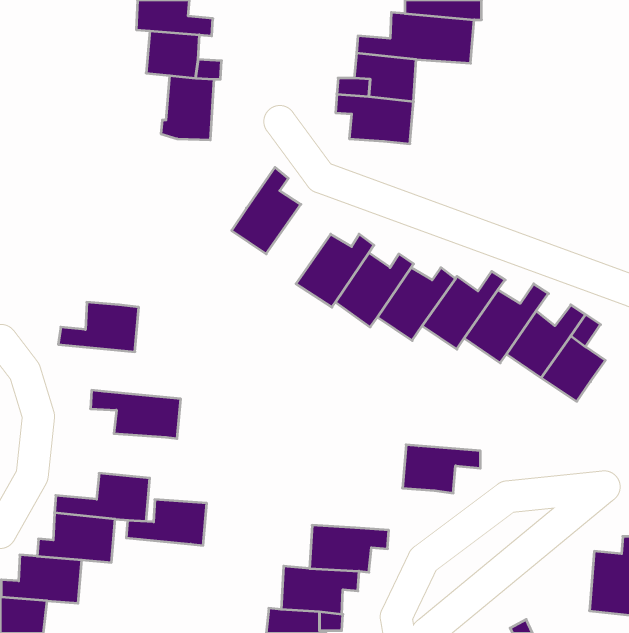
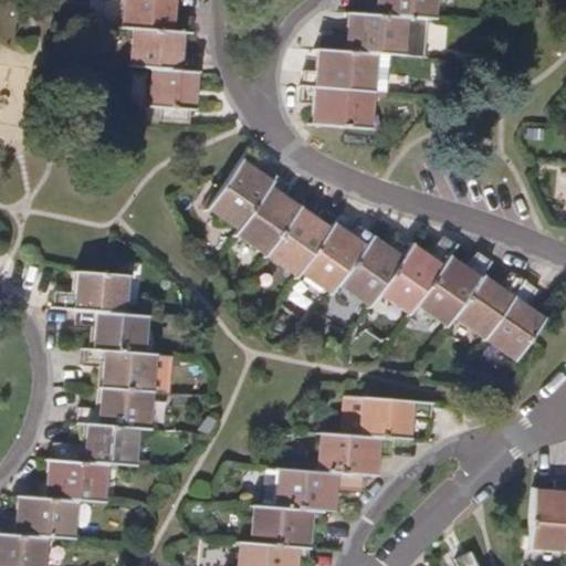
building: none -> [238,176,298,253]
building: none -> [76,310,146,354]
building: none -> [321,432,391,475]
building: [126,500,207,545] -> [80,387,151,428]

